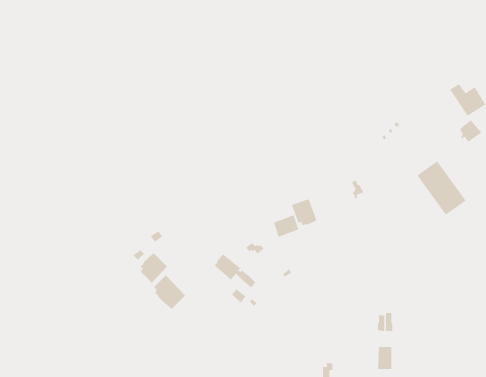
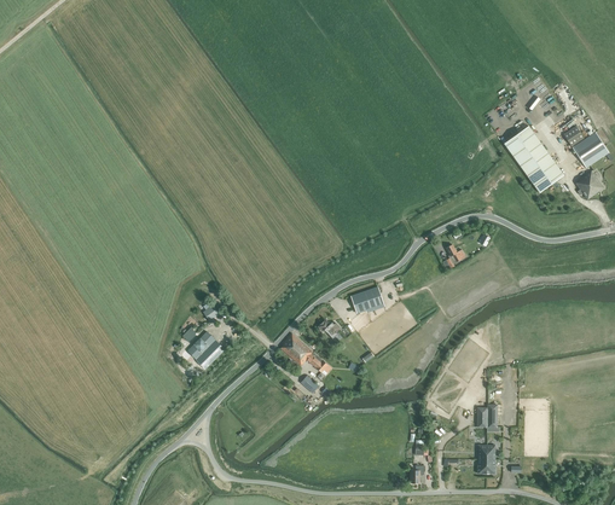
building: [417,161,467,216] -> [504,127,564,193]
building: [291,199,317,226] -> none
building: [154,275,186,310] -> none

